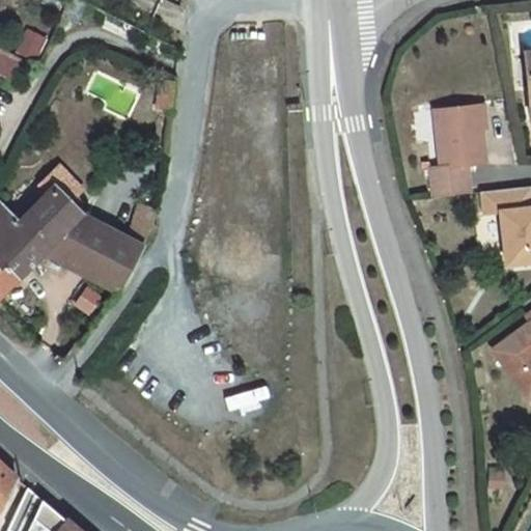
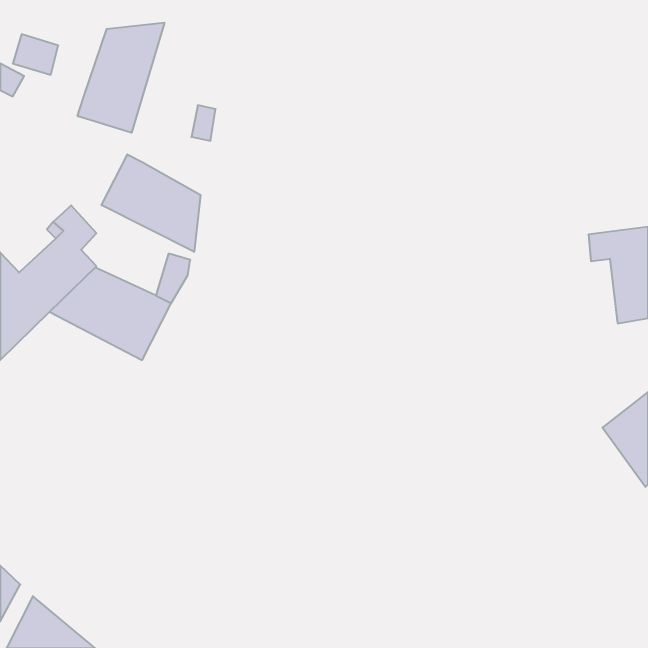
building: none -> [78,23,164,133]
building: [429,105,484,196] -> none
building: none -> [101,154,200,252]

